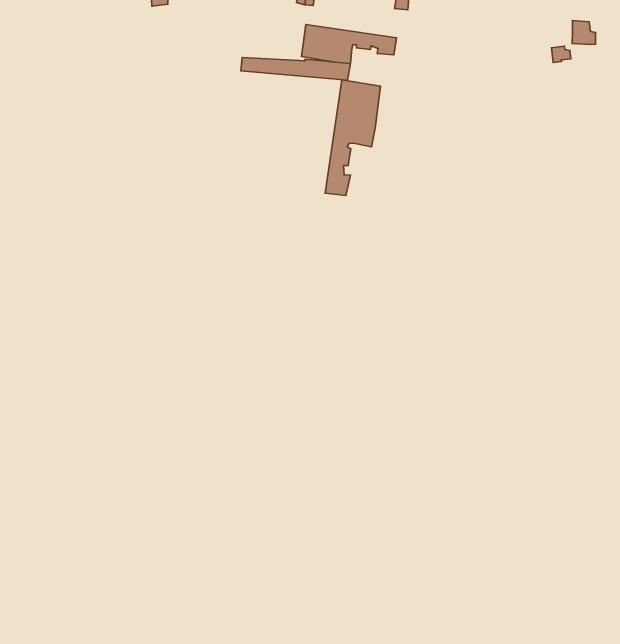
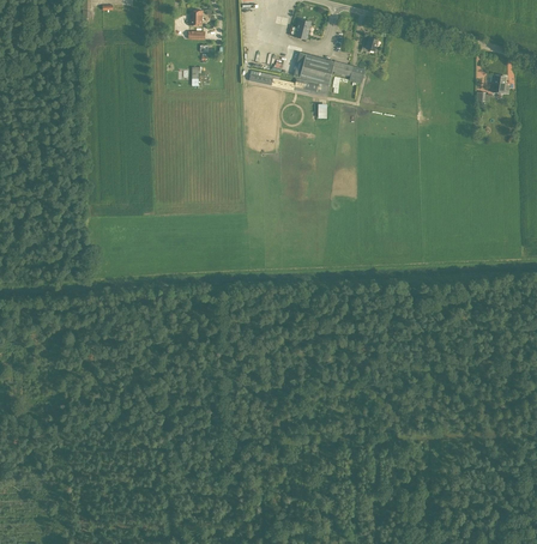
building: [325,80,381,196] -> none

